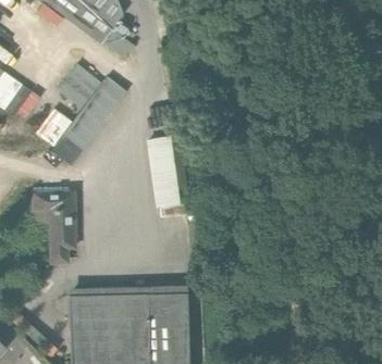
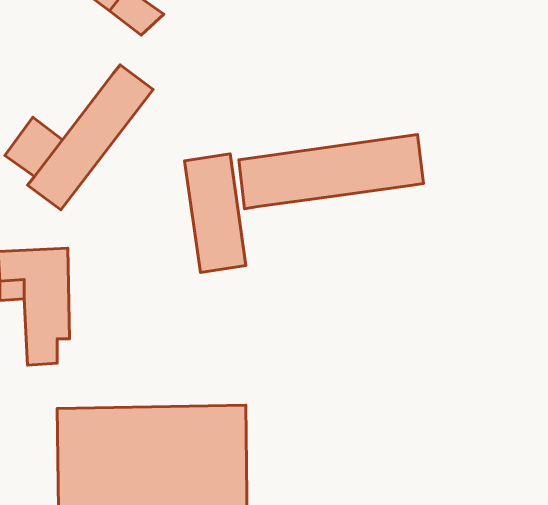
building: [57,63,103,109] -> none
building: none -> [239,135,423,209]

